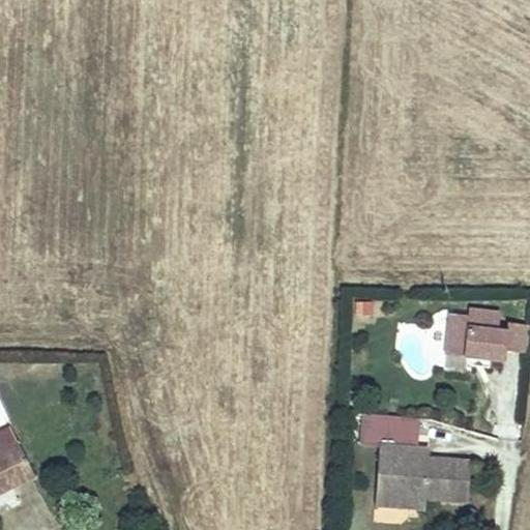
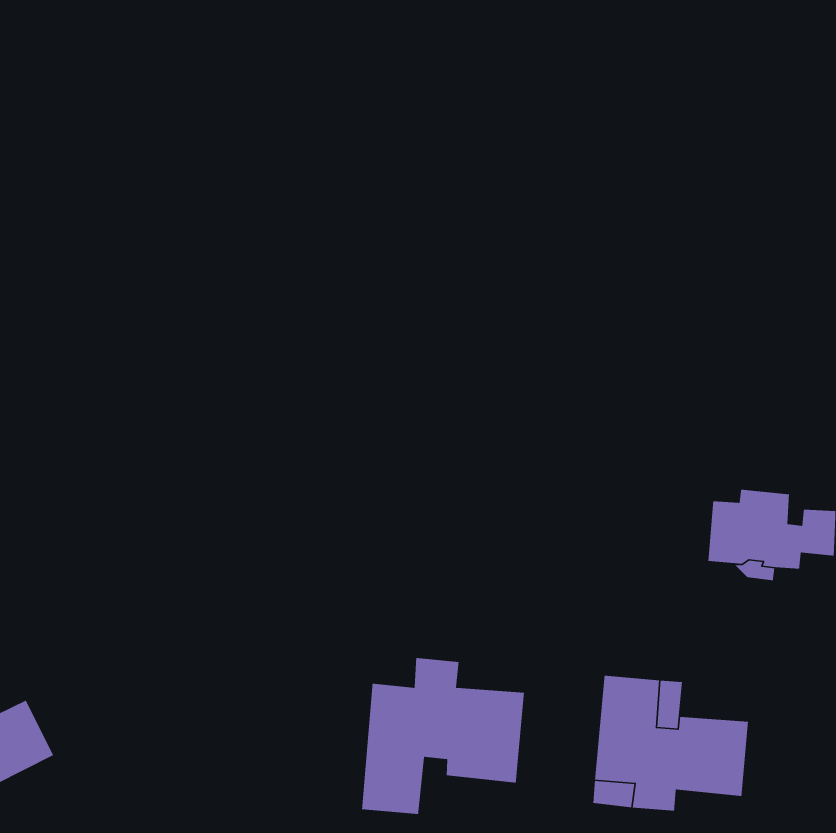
building: none -> [361,657,525,815]

